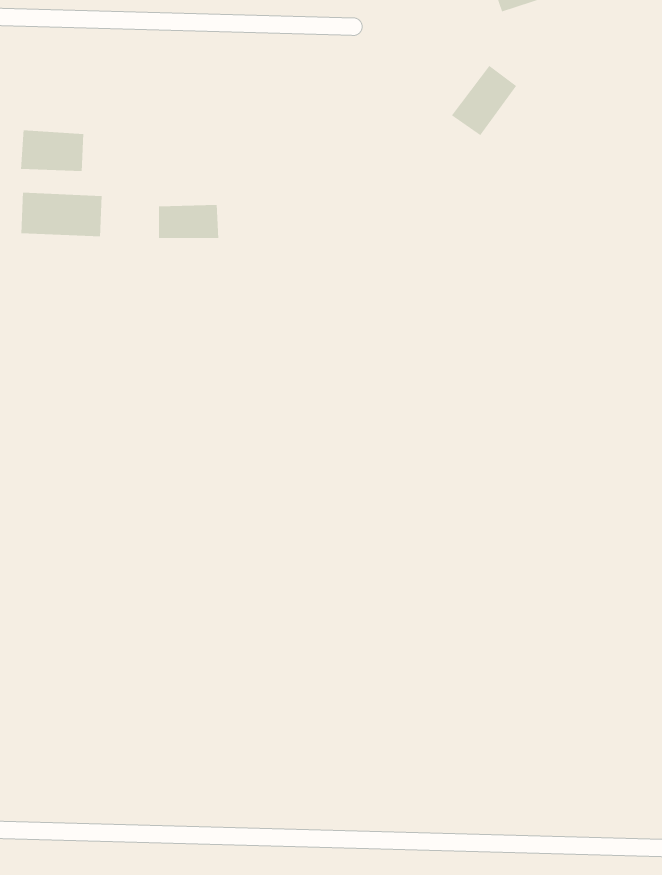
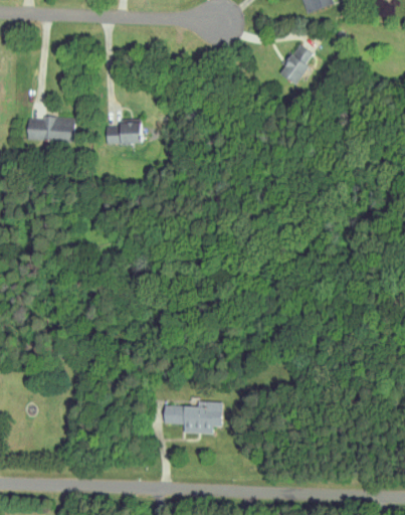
building: [20,130,84,172] -> none
building: none -> [163,401,221,434]

